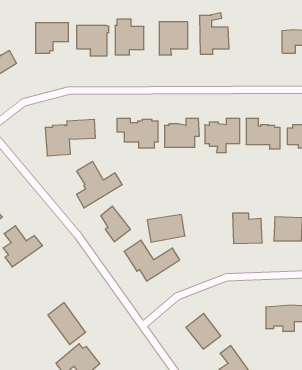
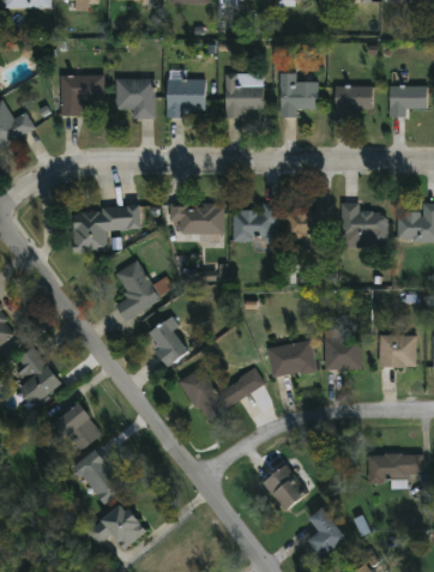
building: none -> [334,84,372,118]
building: [147,215,185,242] -> [266,341,317,378]
building: none -> [49,402,108,462]

